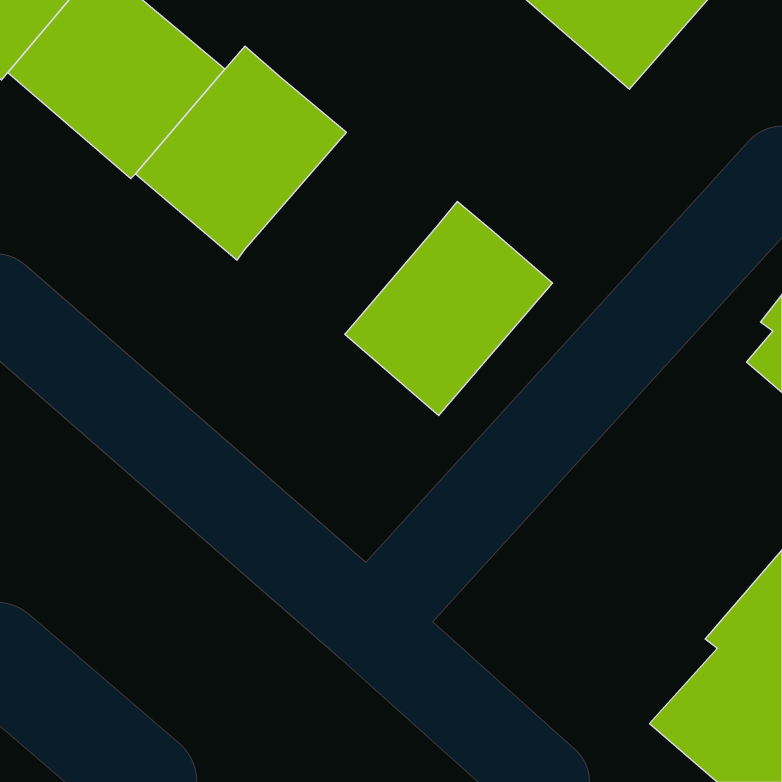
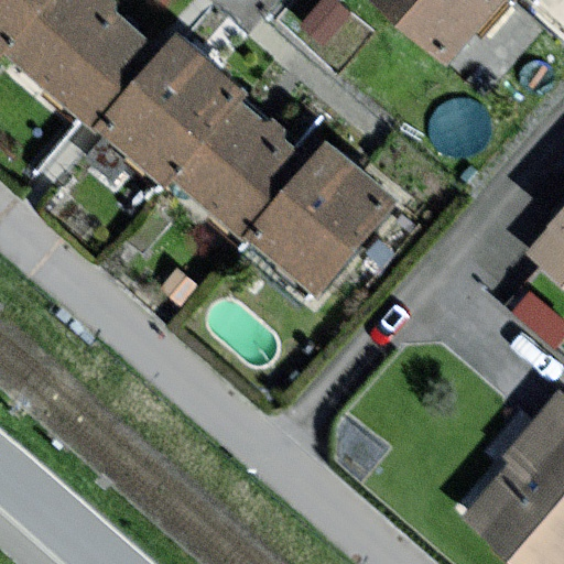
building: none -> [175,102,312,239]

